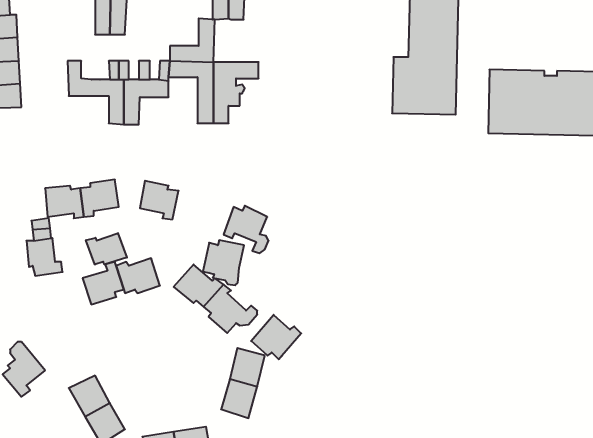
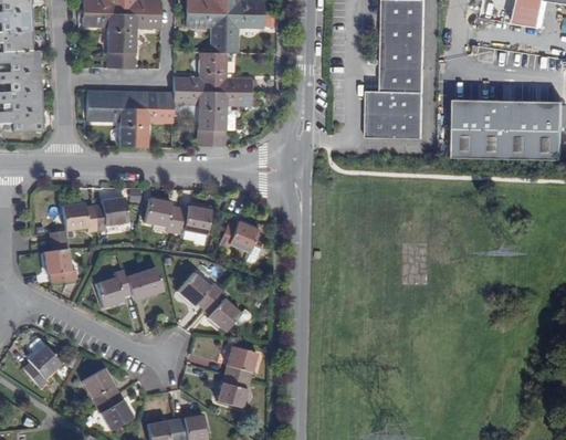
building: none -> [211,53,251,92]
building: [86,233,127,265] -> none
building: [203,240,244,285] -> [175,203,211,243]
building: [251,315,301,359] -> none

